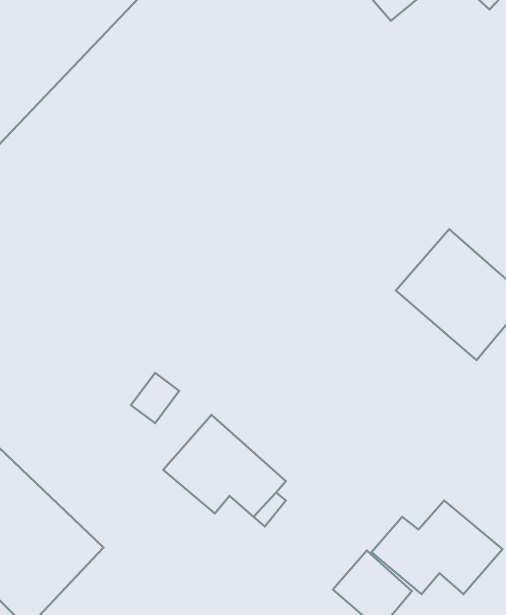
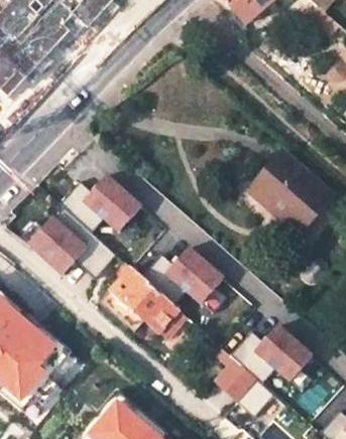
building: none -> [65,173,142,232]
building: none -> [26,211,88,273]
building: none -> [163,244,225,303]

